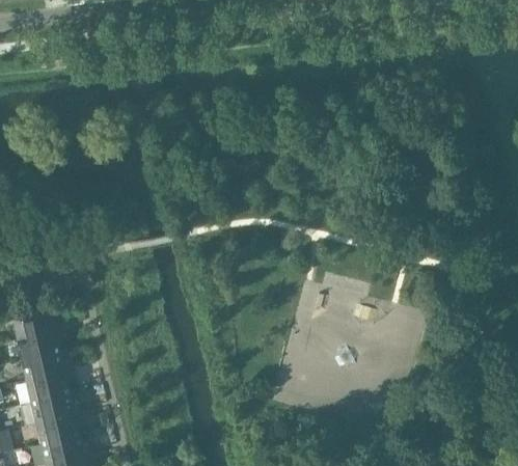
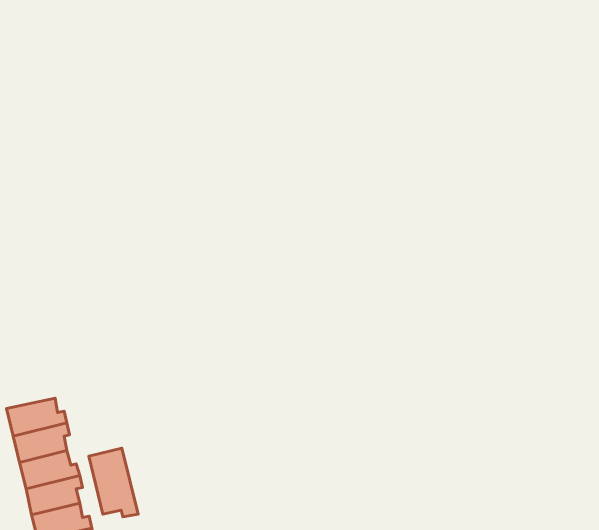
building: none -> [89,448,138,517]

